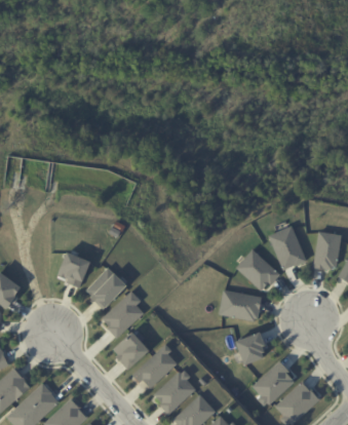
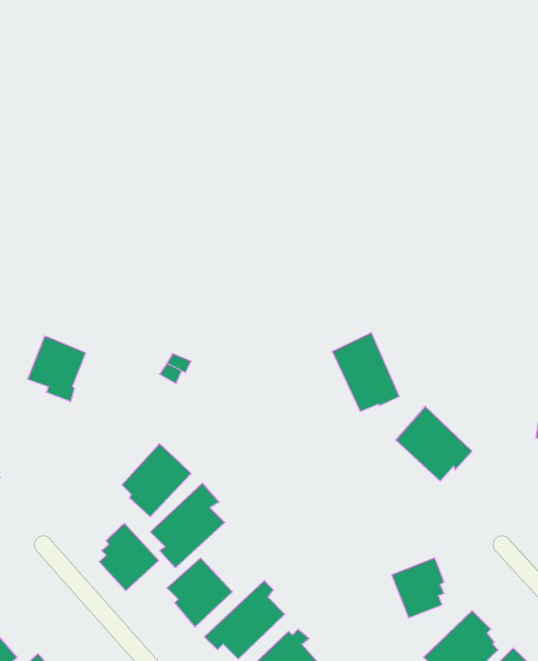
building: [269,225,306,268] -> [332,333,399,411]
building: [57,252,89,287] -> [28,336,86,402]
building: [220,289,261,319] -> none
building: none -> [99,523,159,591]

